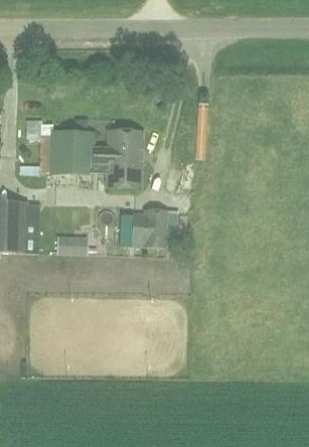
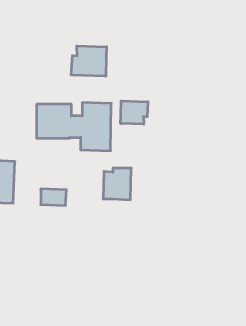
building: none -> [71,46,107,76]
building: none -> [121,101,148,124]

